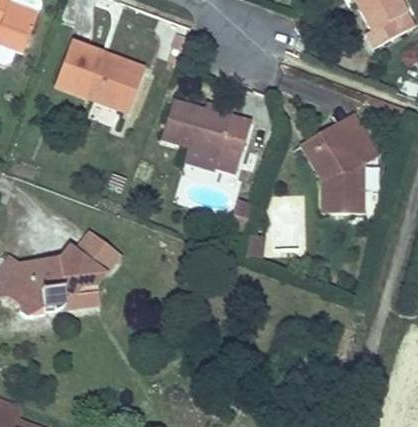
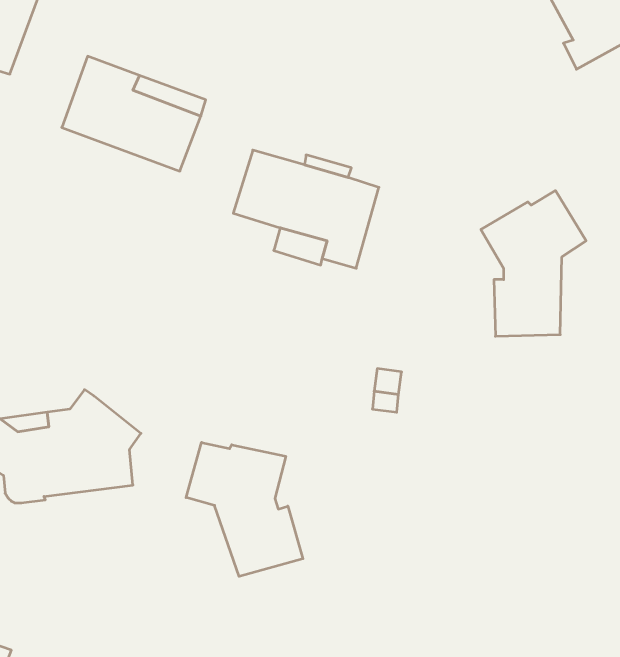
building: [302,113,360,178] -> none
building: [75,231,120,273] -> none
building: none -> [186,442,303,576]

